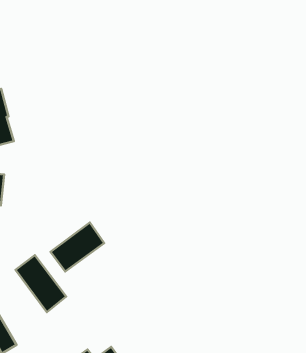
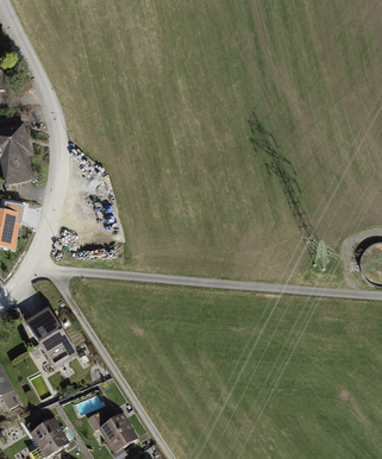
building: [51,223,104,271] -> none

